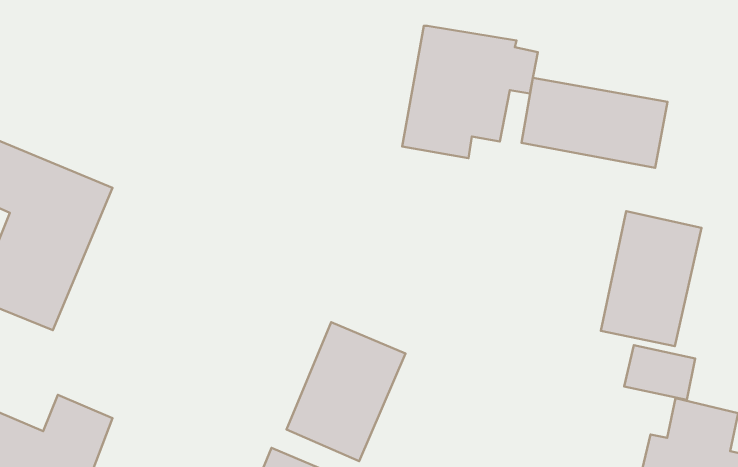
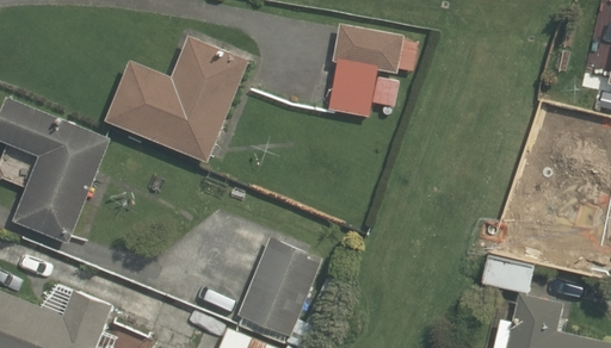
building: none -> [103,37,247,163]
building: [521,78,668,168] -> none
building: [601,211,701,346] -> none

